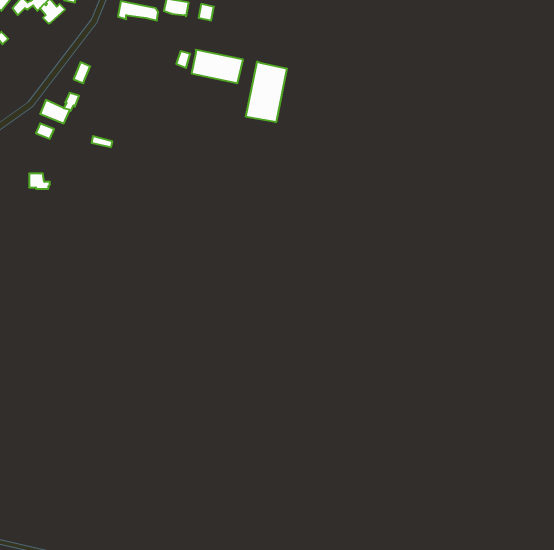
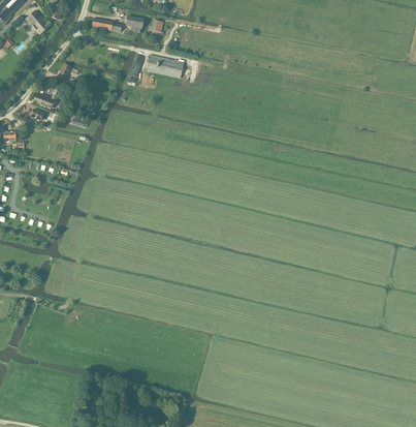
building: [246,61,287,122] -> none

